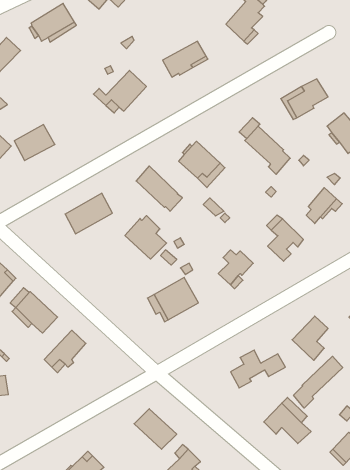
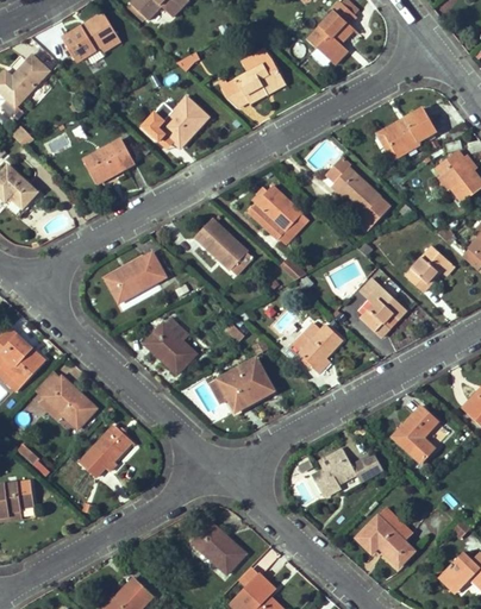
building: [14,125,55,161] -> [83,137,135,182]
building: [125,216,167,259] -> [143,318,195,372]
building: [294,356,343,408] -> none

